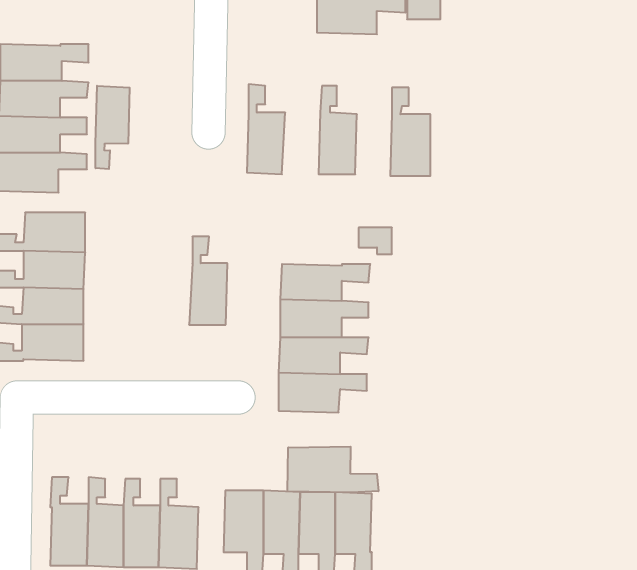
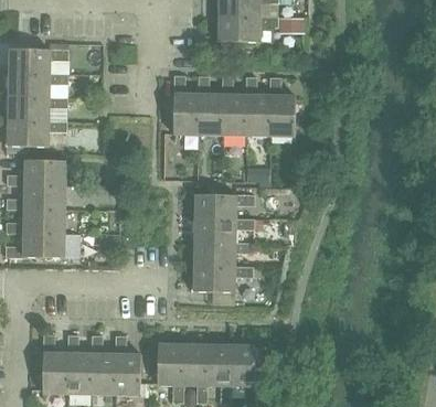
building: [95,86,130,169] -> none
building: none -> [244,76,268,135]
building: [189,237,227,325] -> [195,75,221,133]
building: [287,447,378,493] -> none

